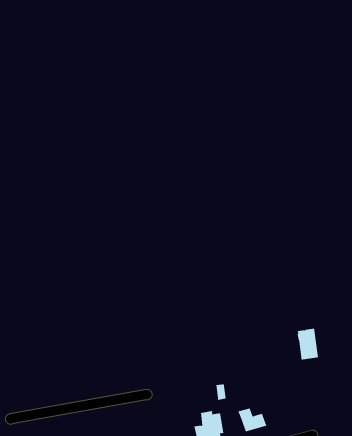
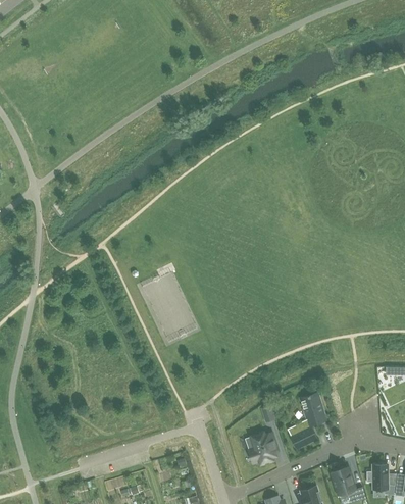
building: [297,328,319,360] -> [301,393,325,424]

